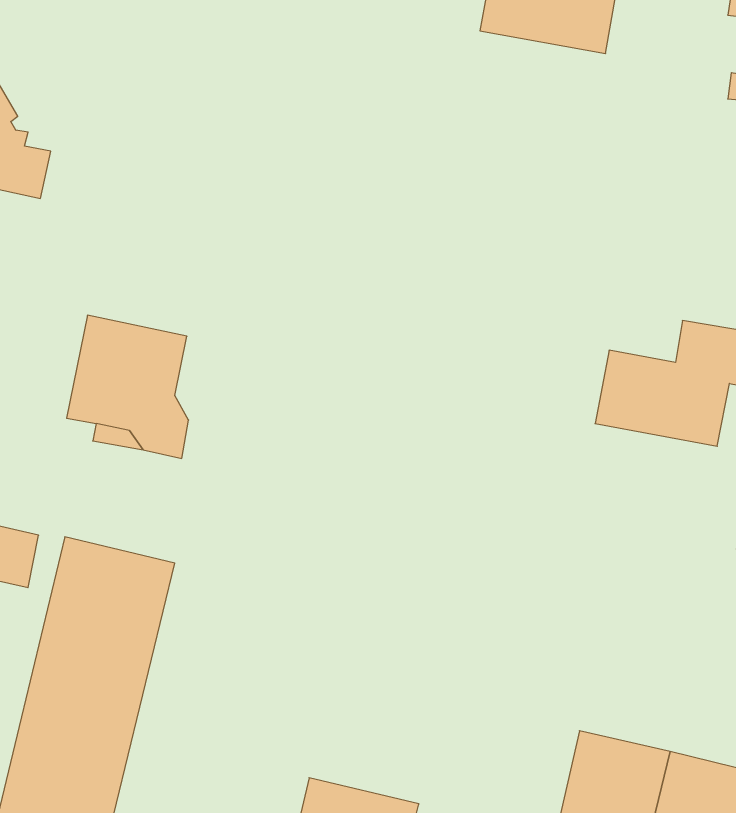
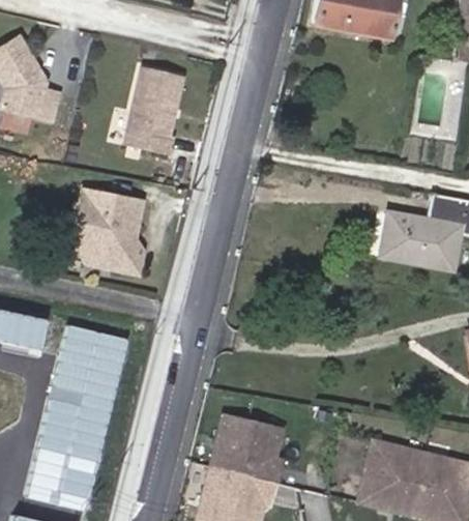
building: none -> [122,64,181,153]
building: none -> [212,414,284,482]

